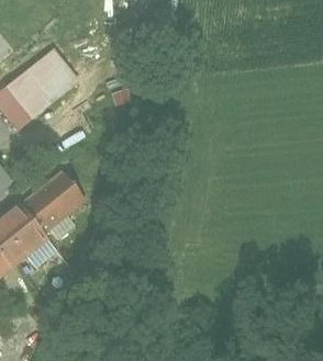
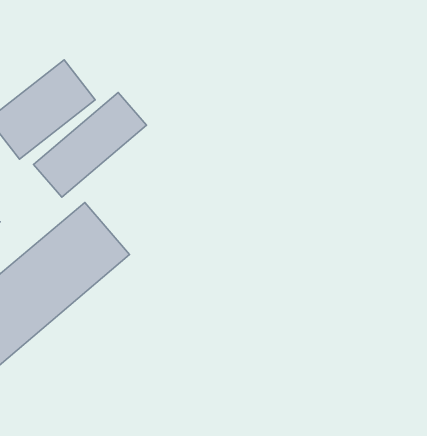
building: none -> [34,92,146,197]

